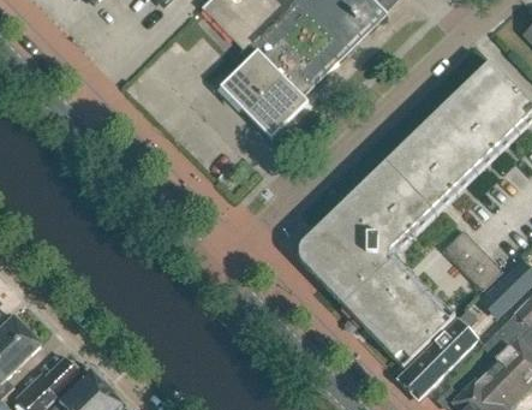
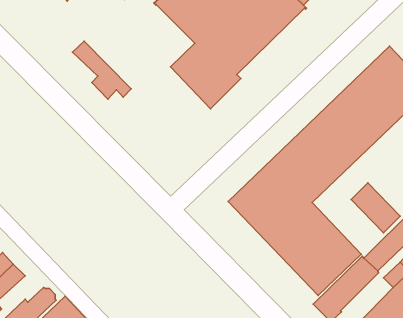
building: none -> [73,41,131,99]

